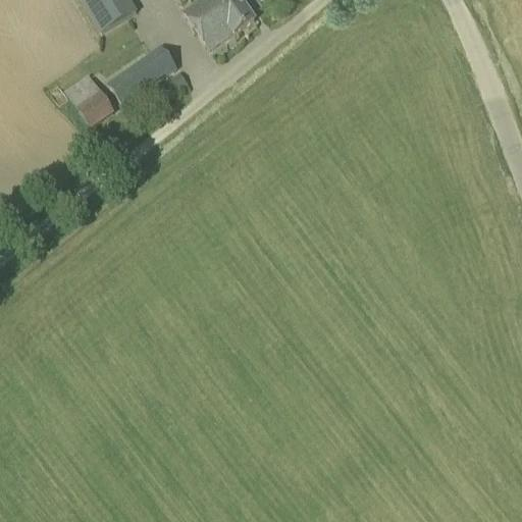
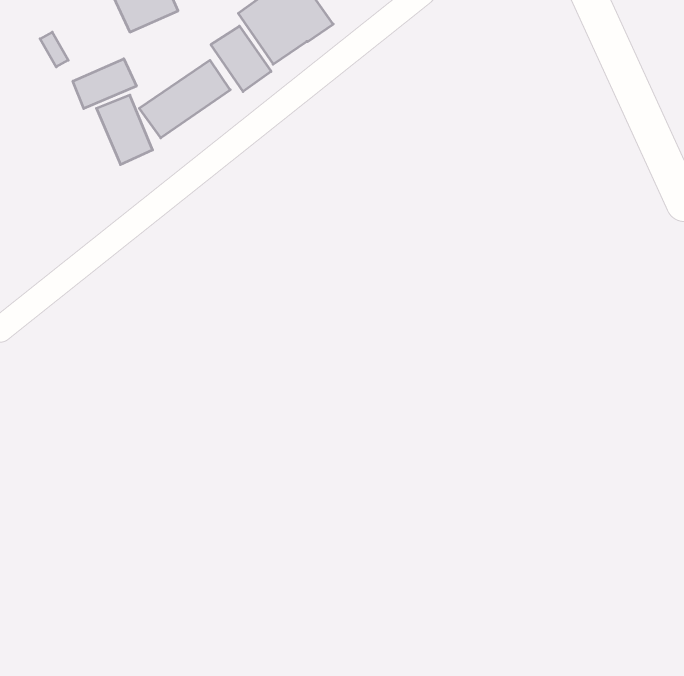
building: none -> [211,26,271,92]
building: none -> [73,59,136,109]

